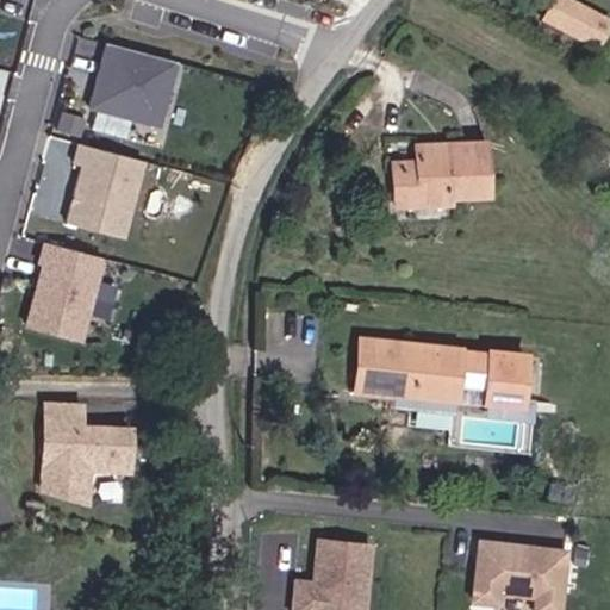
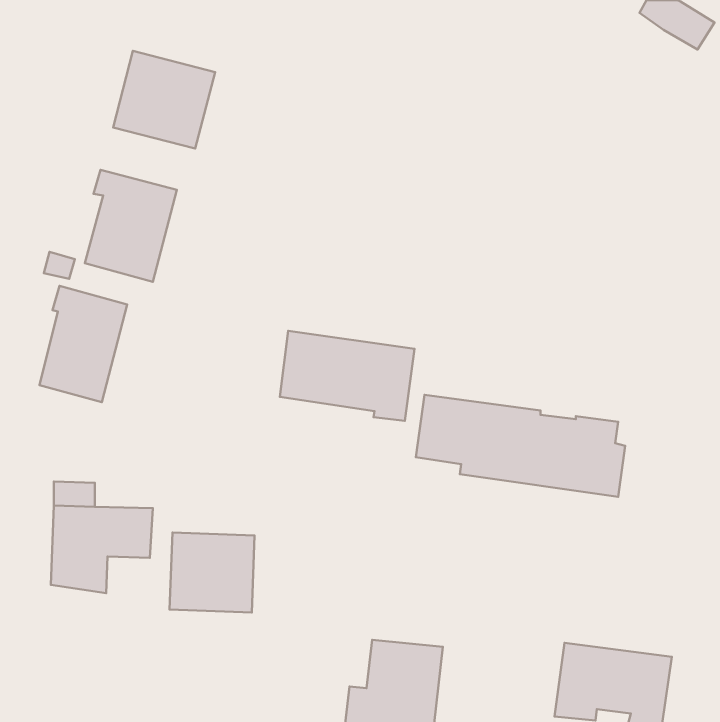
building: [382,137,492,204] -> none
building: none -> [280,331,414,421]
building: none -> [170,532,255,612]

